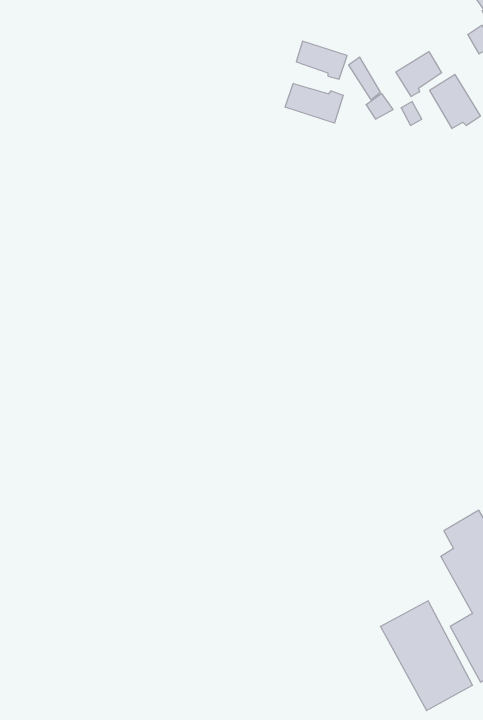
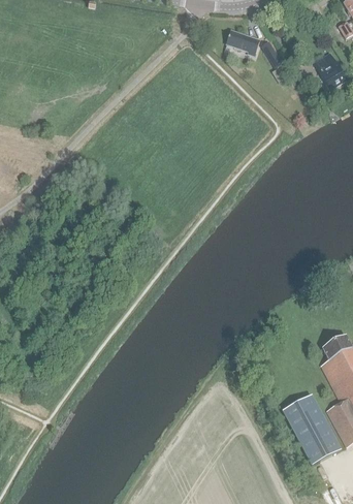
building: [396,52,442,97] -> none
building: [285,83,343,123] -> none

